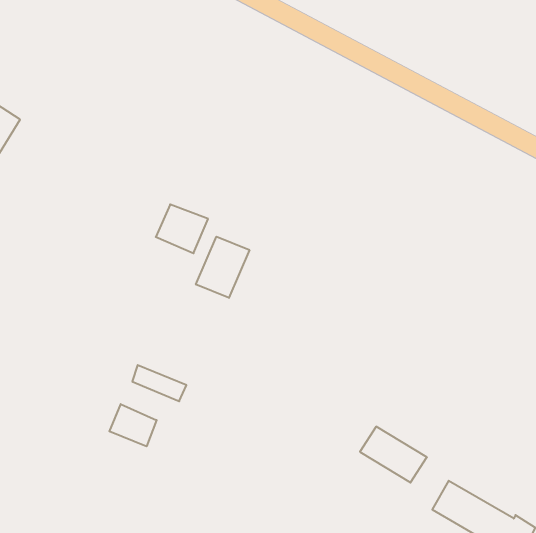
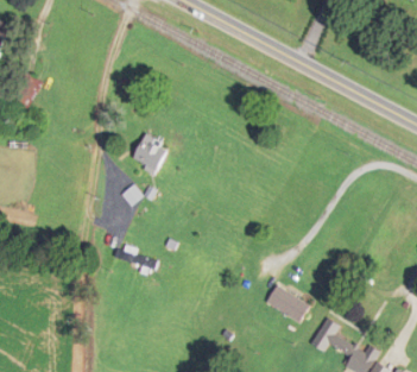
building: [196,237,249,298] -> none
building: [109,404,157,446] -> none

